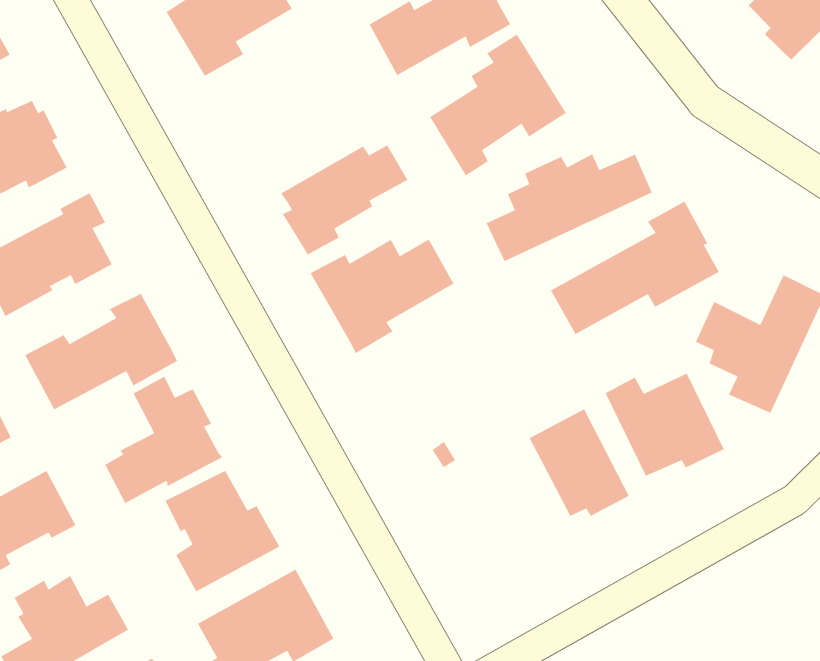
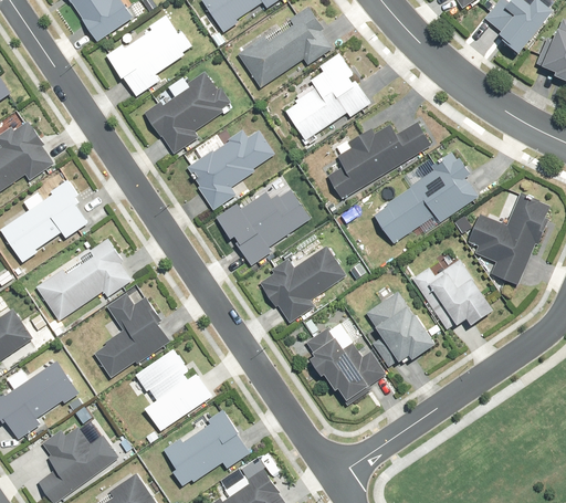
building: none -> [145,71,230,155]
building: none -> [254,247,345,324]
building: none -> [306,325,386,406]

